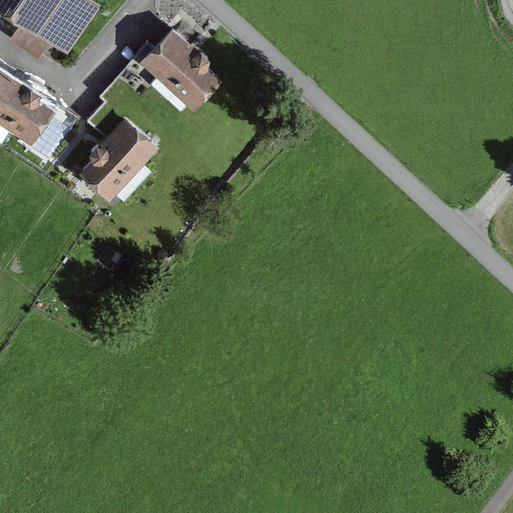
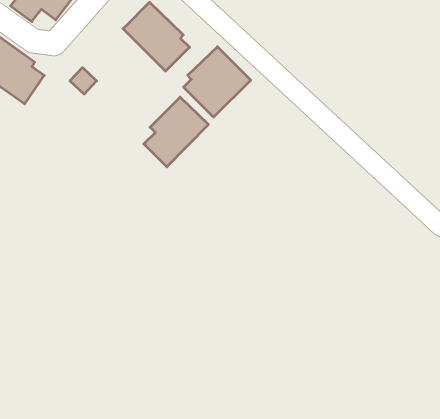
building: none -> [184,47,251,117]
building: [83,118,156,197] -> [144,97,208,167]

